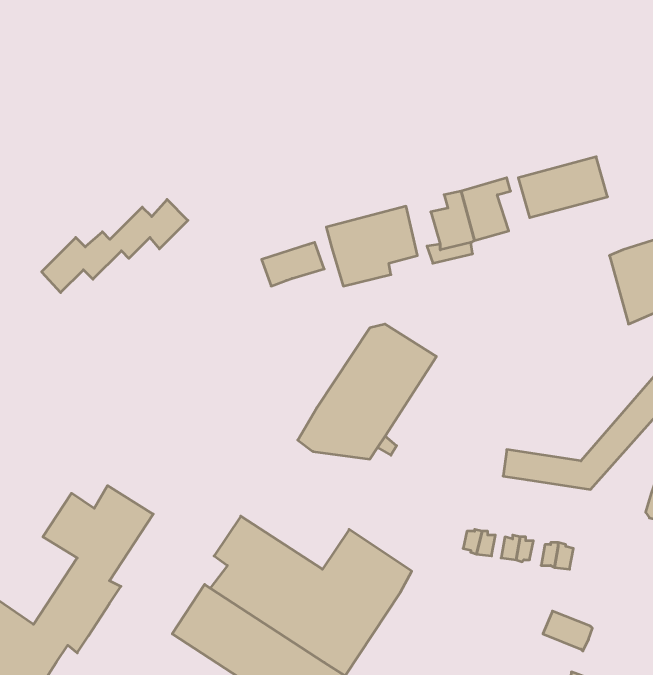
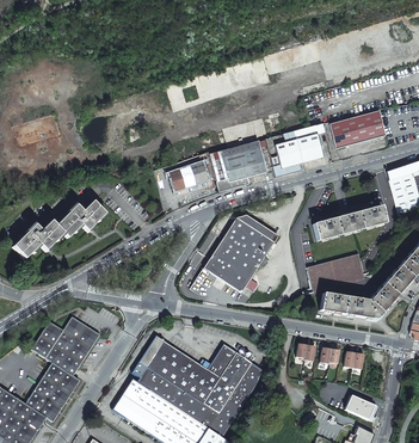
building: [42,199,188,293] -> [13,201,105,259]
building: none -> [313,205,384,241]
building: none -> [307,253,365,293]

